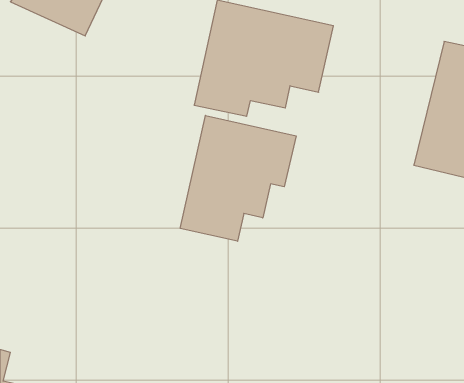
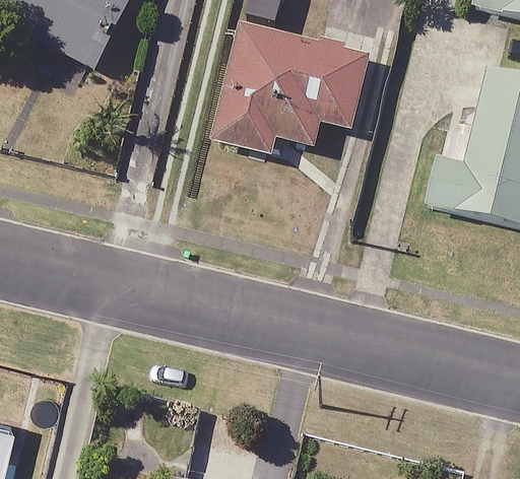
building: [180,115,296,241] -> none

